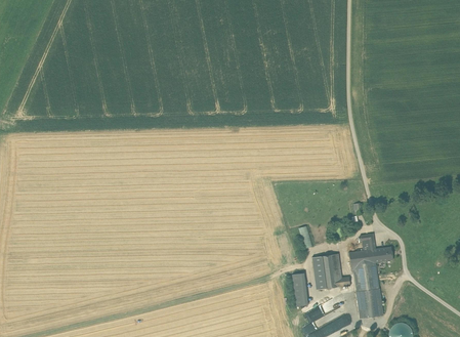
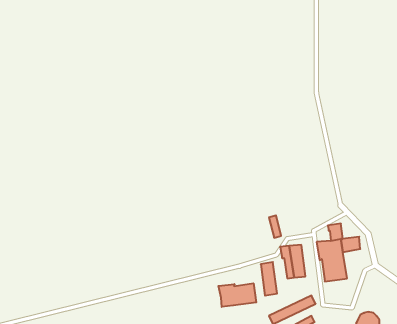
building: [357,289,382,318] -> none
building: none -> [218,283,256,307]

